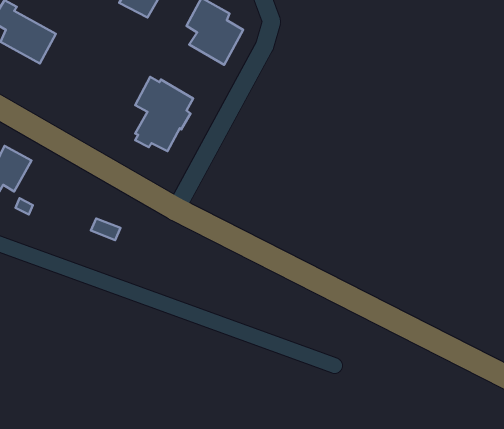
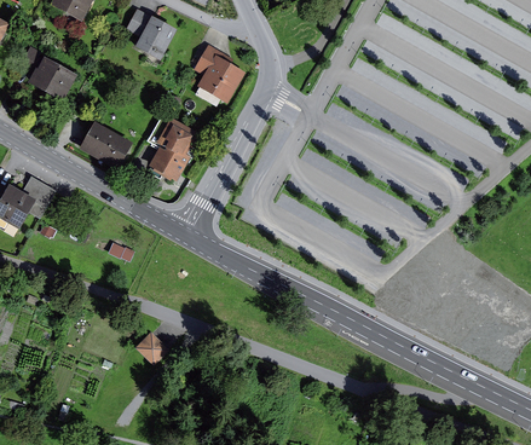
building: none -> [79,121,132,169]
building: none -> [134,328,168,362]

